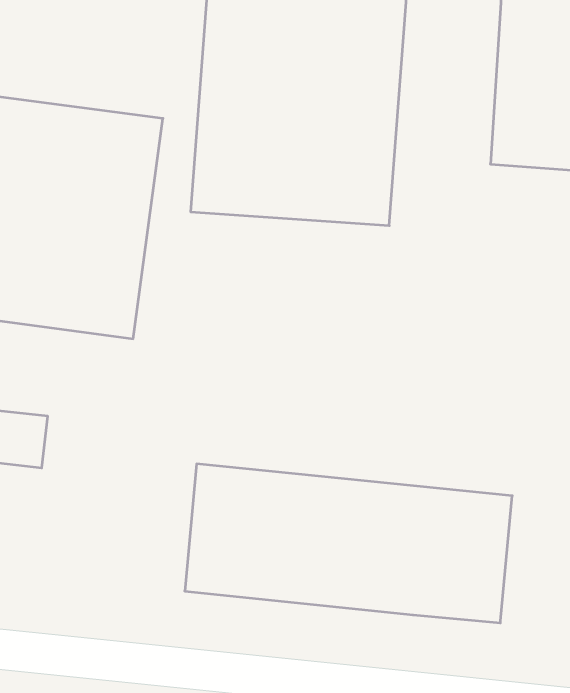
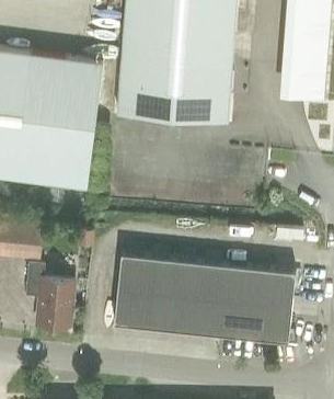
building: none -> [25,265,73,330]

